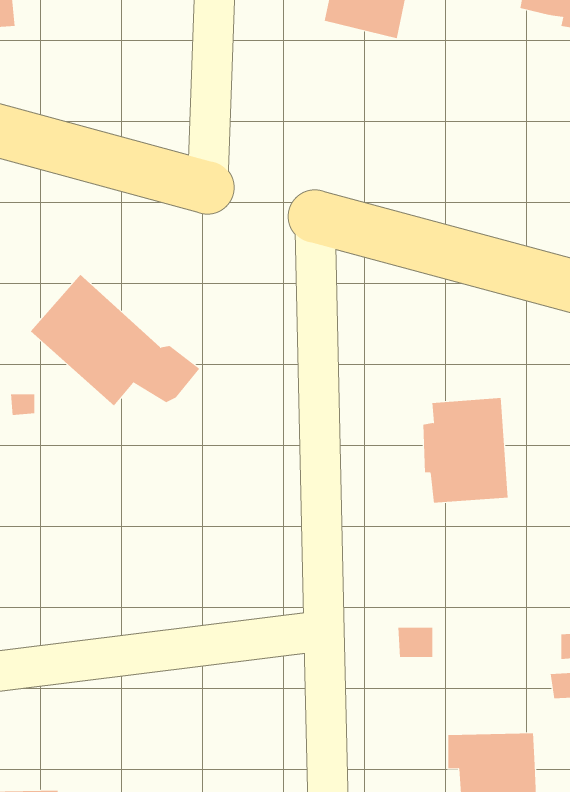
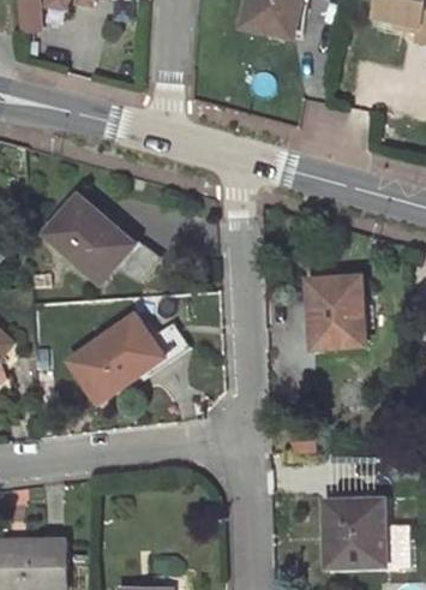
building: none -> [71,316,163,401]

